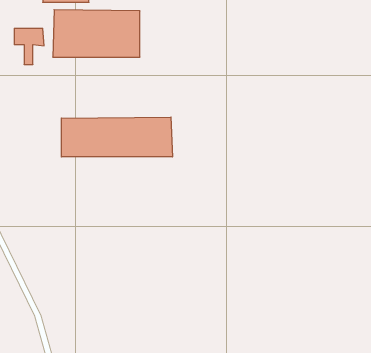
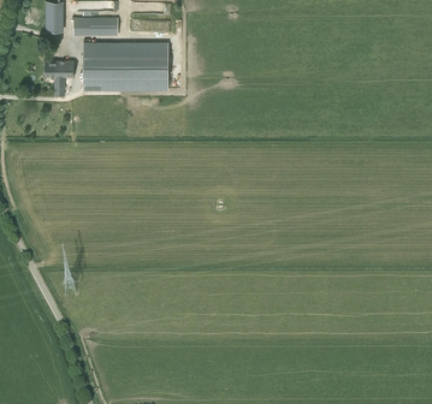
building: [61,117,172,157] -> none

